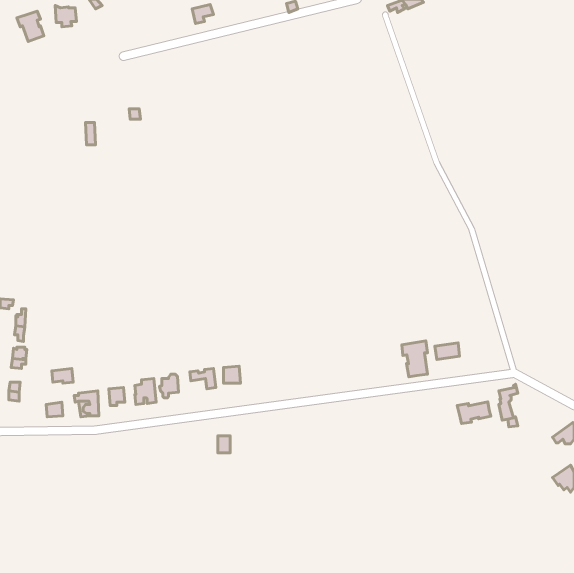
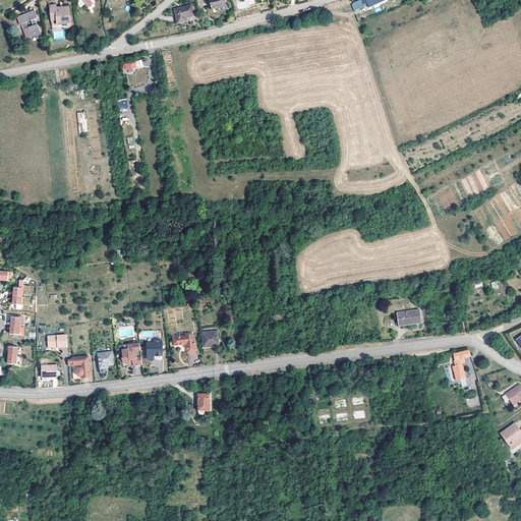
building: [402,341,428,377] -> none
building: [457,402,491,424] -> none

